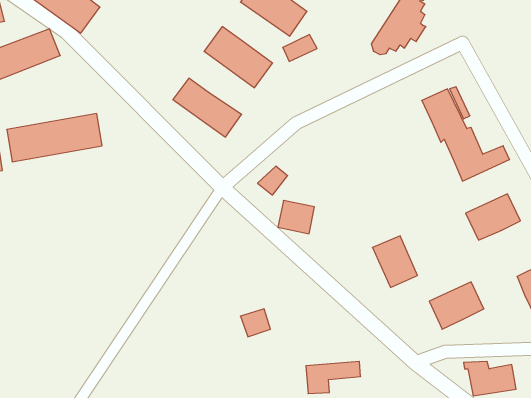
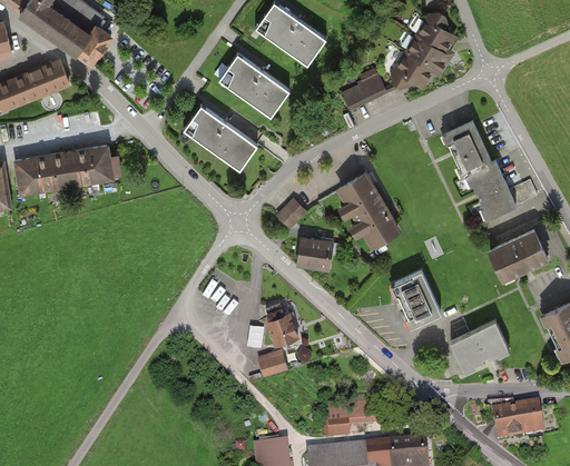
building: [283,35,317,61] -> [342,79,377,107]
building: none -> [337,175,396,248]
building: none -> [264,314,297,347]

